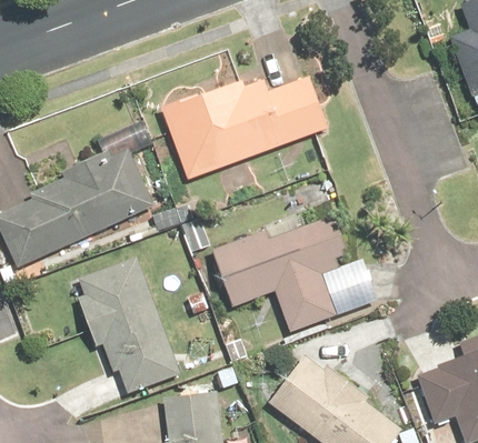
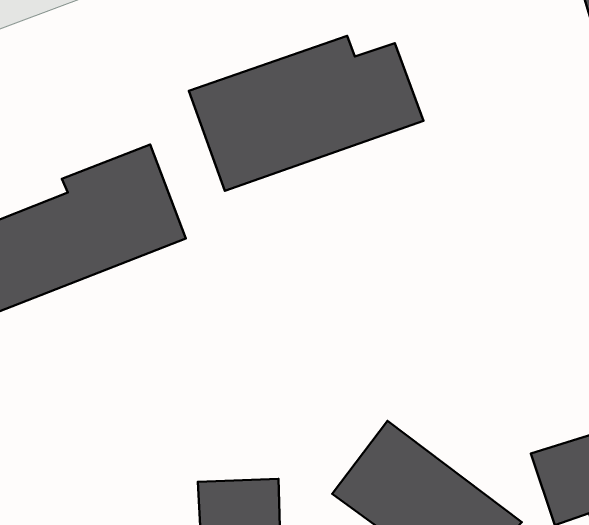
building: [212,205,355,330] -> none
building: [74,258,182,395] -> none

